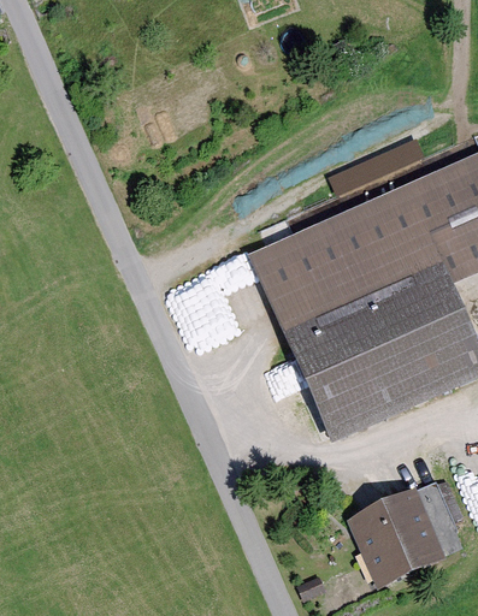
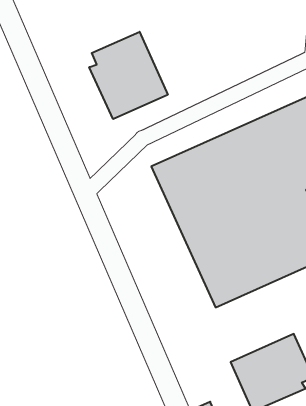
building: none -> [89,32,168,119]

